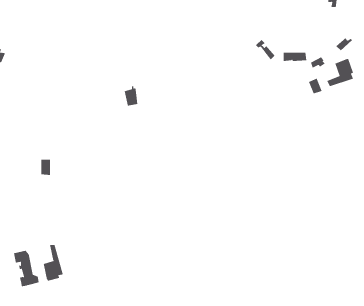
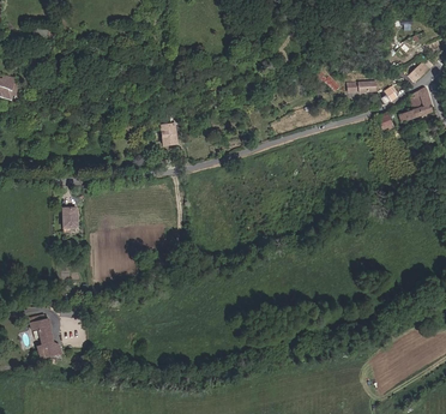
building: [43,244,63,282] -> none

